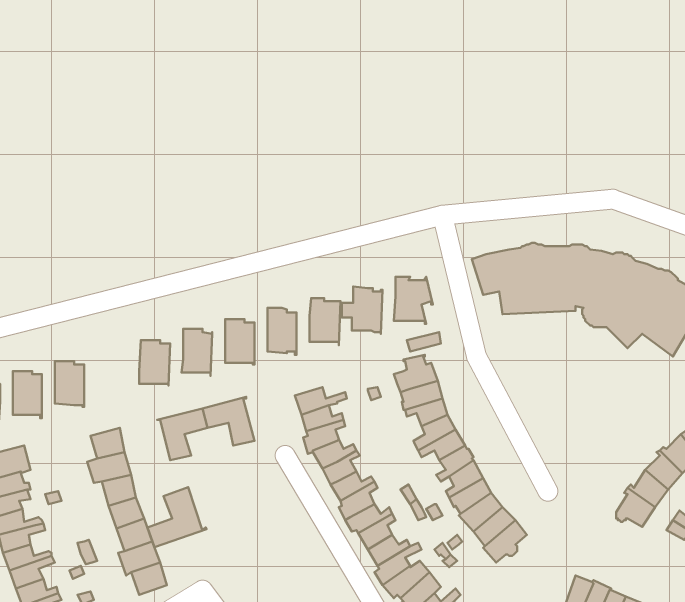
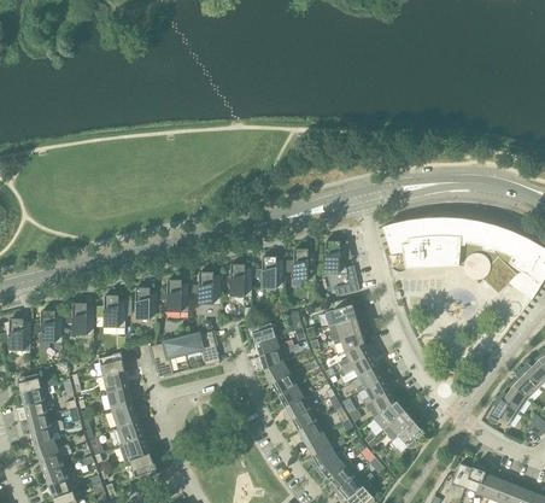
building: none -> [104,296,125,328]
building: [147,487,207,547] -> none

